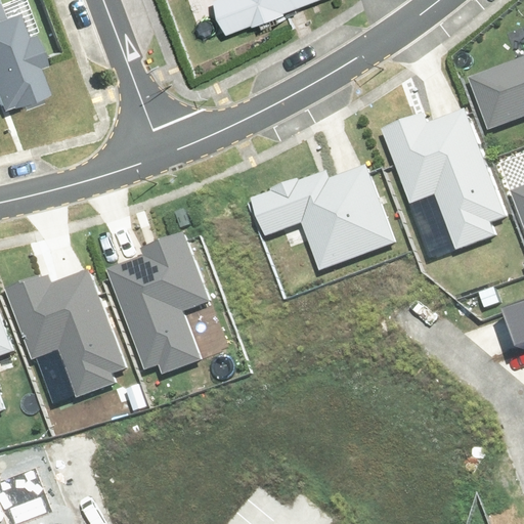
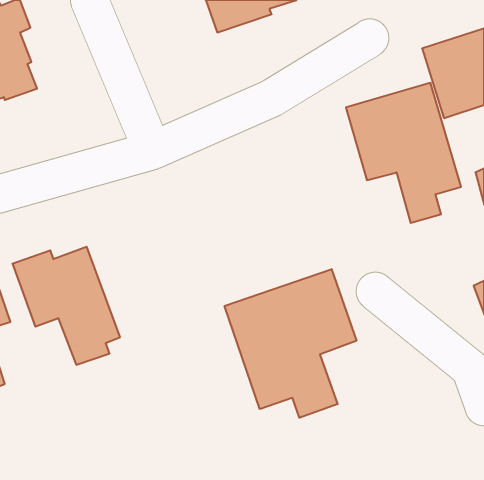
building: [247,147,403,270] -> none
building: [112,238,209,379] -> none
building: none -> [225,269,356,418]

